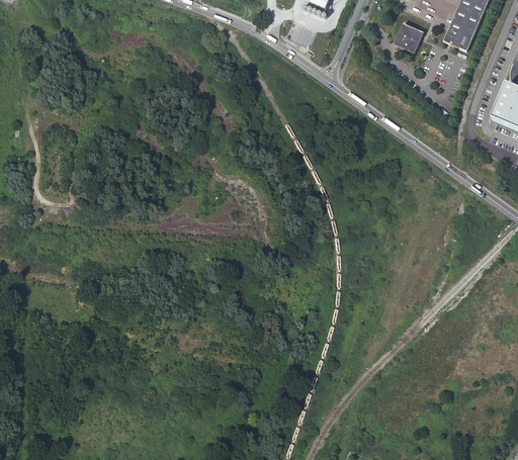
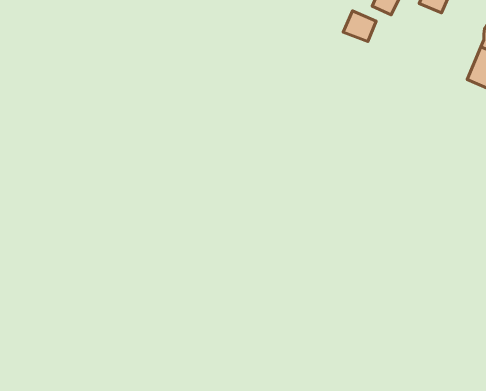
building: none -> [343,11,376,42]

